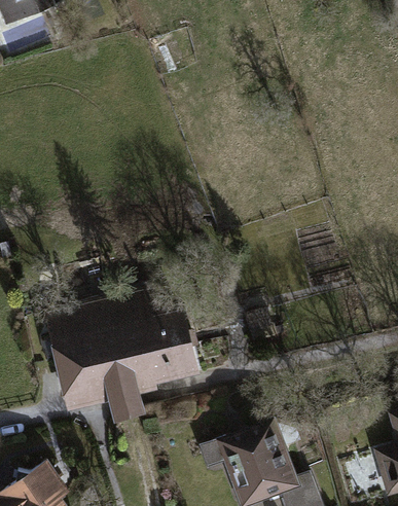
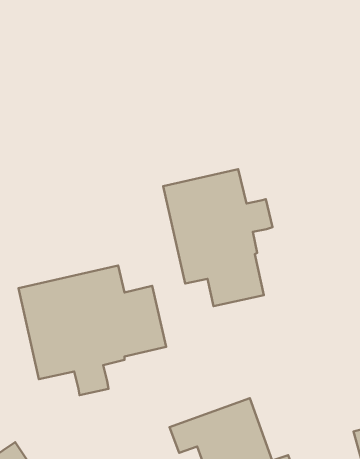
building: none -> [163,169,272,306]

